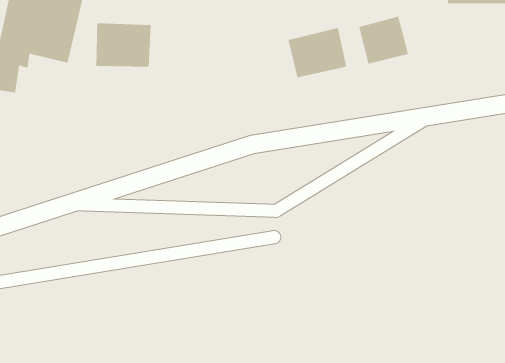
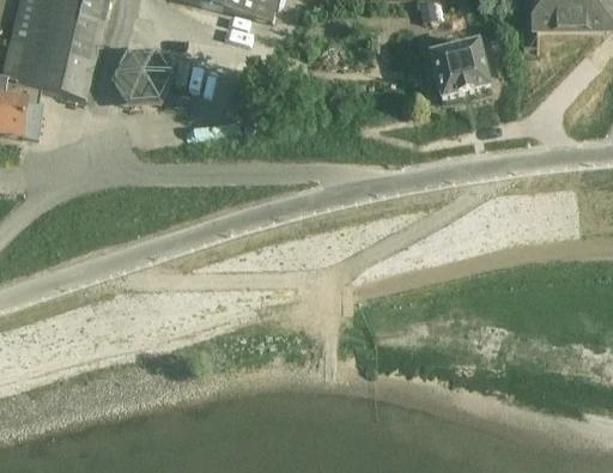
building: [288,27,347,78] -> none

